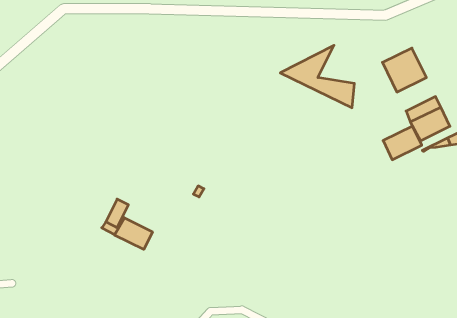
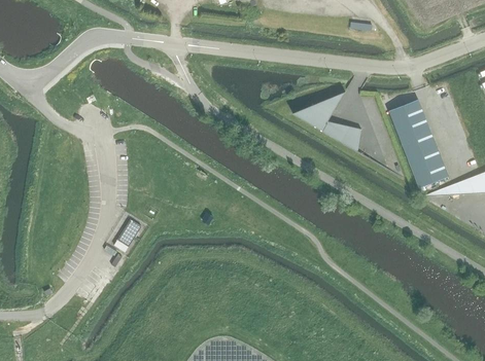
building: [383,126,422,160] -> [401,129,437,158]
building: [115,218,152,249] -> none

